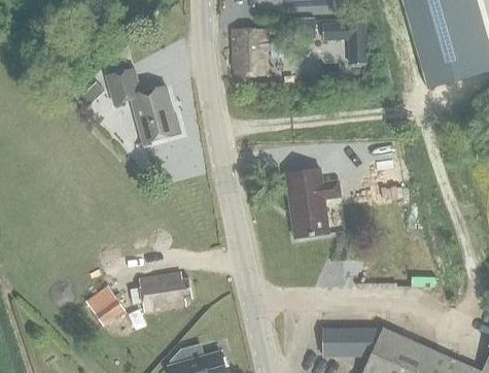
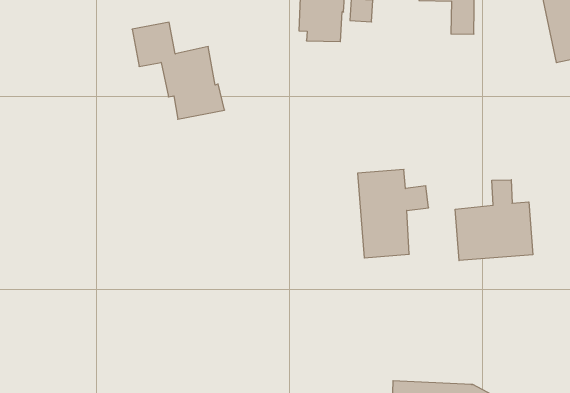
building: none -> [455,180,533,261]
building: [131,272,191,311] -> none
building: [86,285,125,325] -> none

